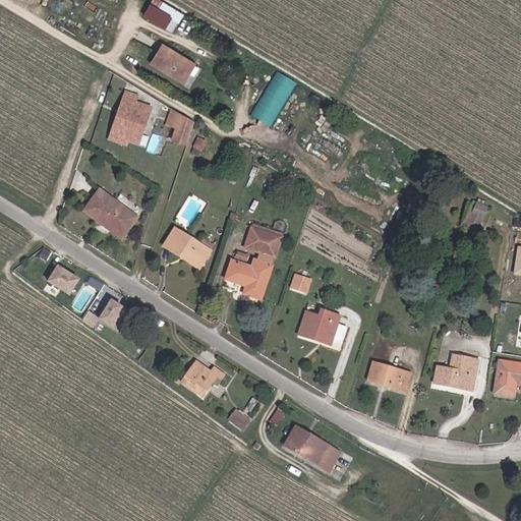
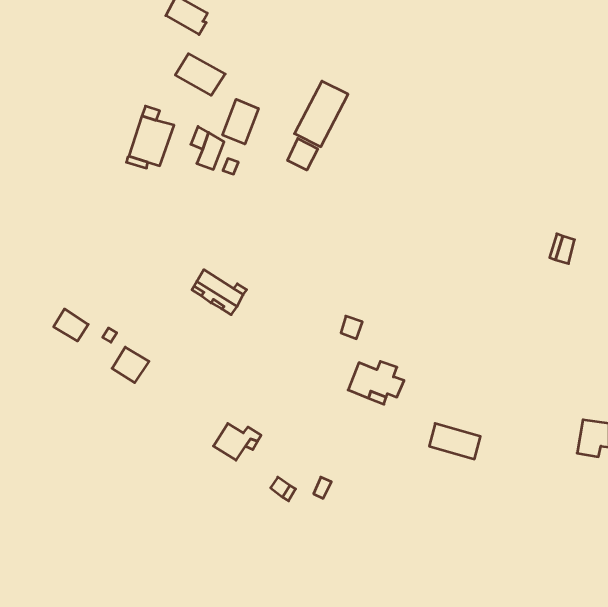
building: none -> [223,99,258,144]
building: none -> [288,138,318,170]
building: [83,190,135,234] -> none
building: [225,224,280,296] -> none
building: [439,353,470,388] -> none
building: [284,424,339,469] -> none

